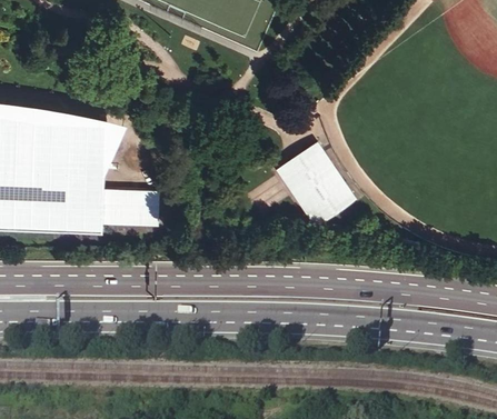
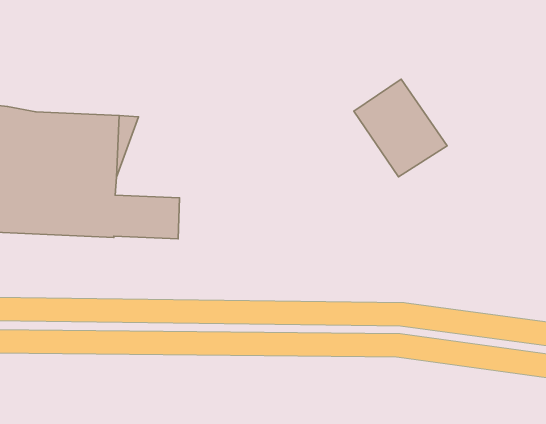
building: [276,142,357,227] -> [354,79,447,177]

